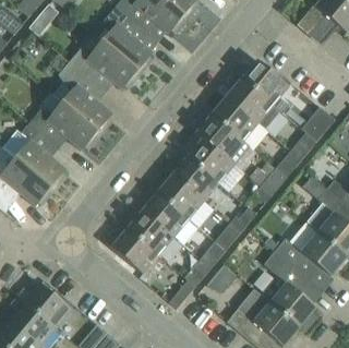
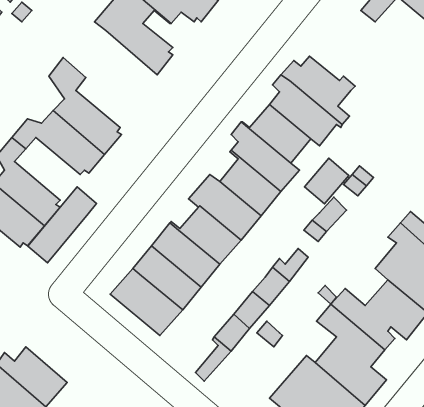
building: [69,40,141,89] -> none
building: [302,107,336,142] -> [305,158,349,204]
building: none -> [28,187,97,263]

